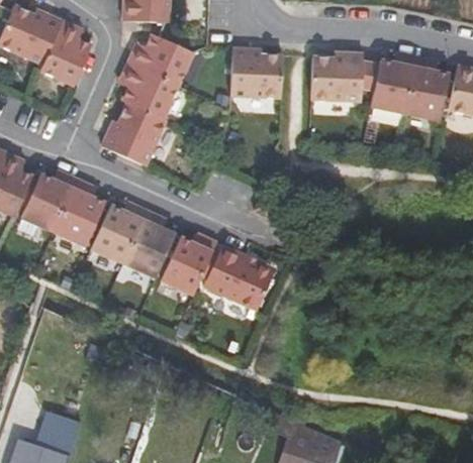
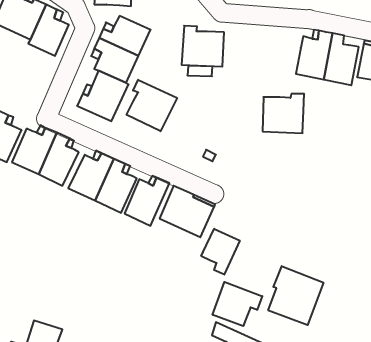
building: [312,53,364,102] -> [263,94,304,133]
building: none -> [127,80,177,131]
building: none -> [201,229,240,275]
building: none -> [268,266,323,325]
building: none -> [213,282,262,326]

